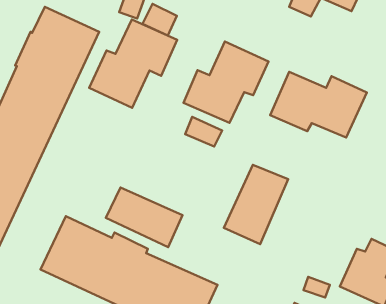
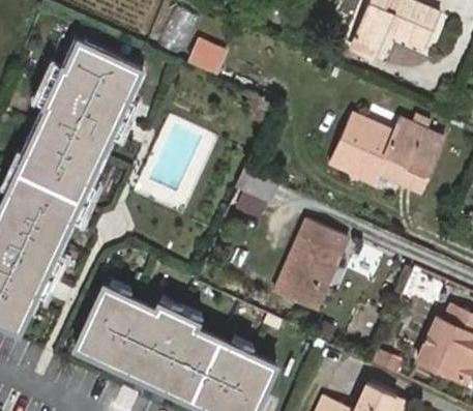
building: [89,20,177,108] -> none
building: [183,42,268,123] -> none
building: [106,188,183,247] -> none

